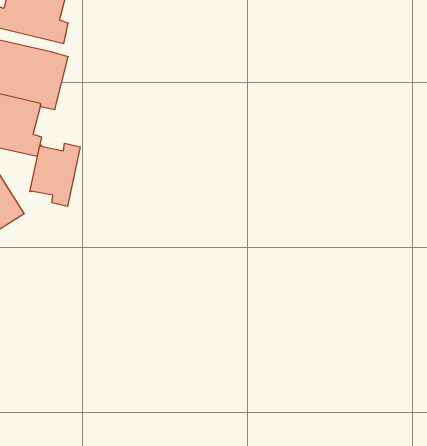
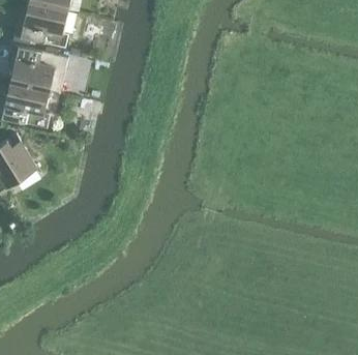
building: [30,143,80,206] -> none

